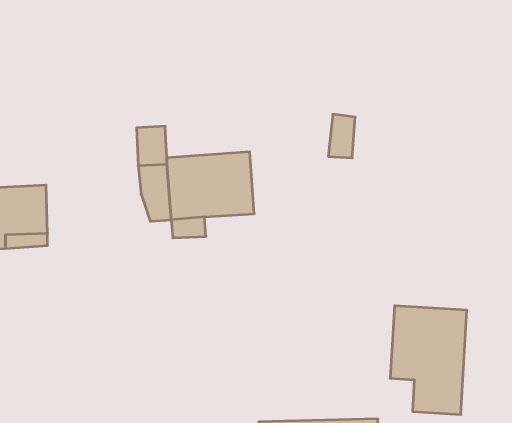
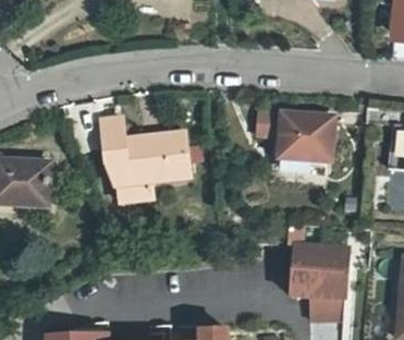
building: none -> [287,109,339,156]

